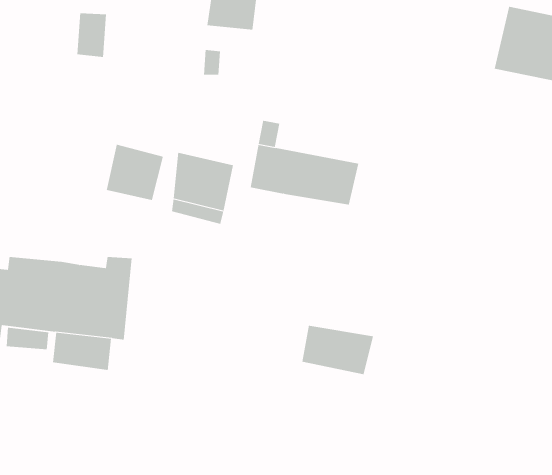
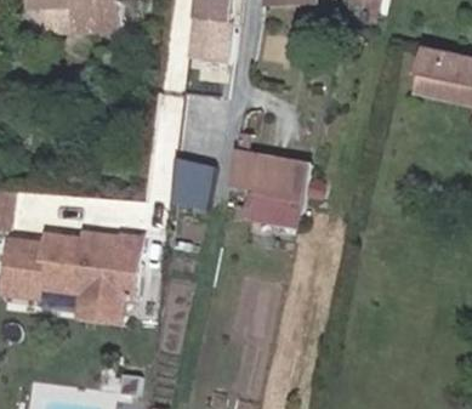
building: [106,144,164,201] -> none
building: [302,325,374,375] -> [246,187,301,225]

